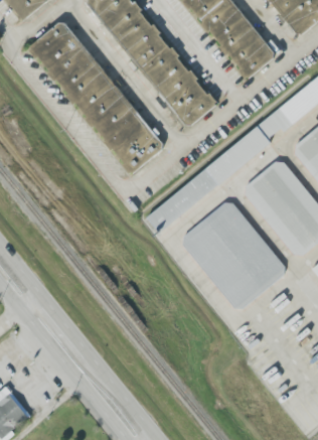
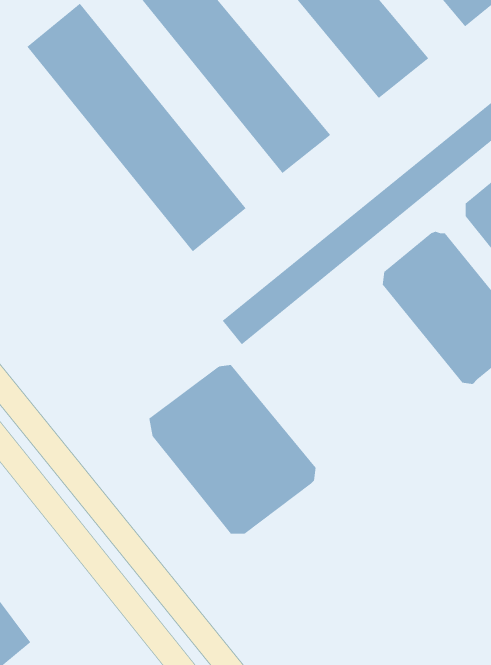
building: [185,202,289,307] -> [149,365,316,534]

